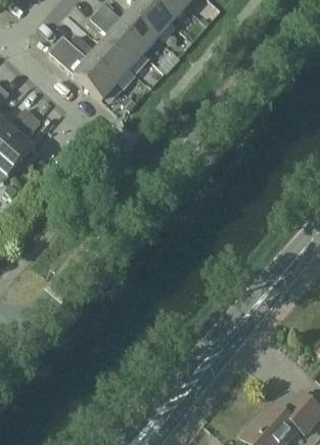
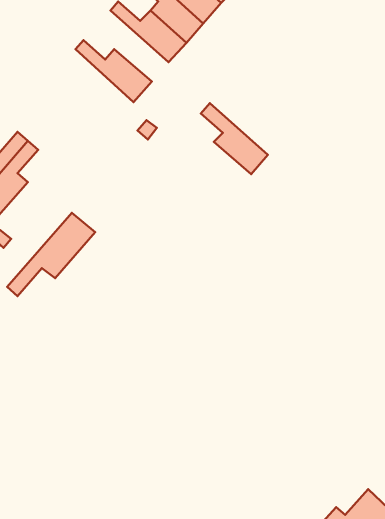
building: [91,11,144,68] -> [201,103,268,174]
building: [48,36,117,100] -> none
building: none -> [7,213,95,296]

